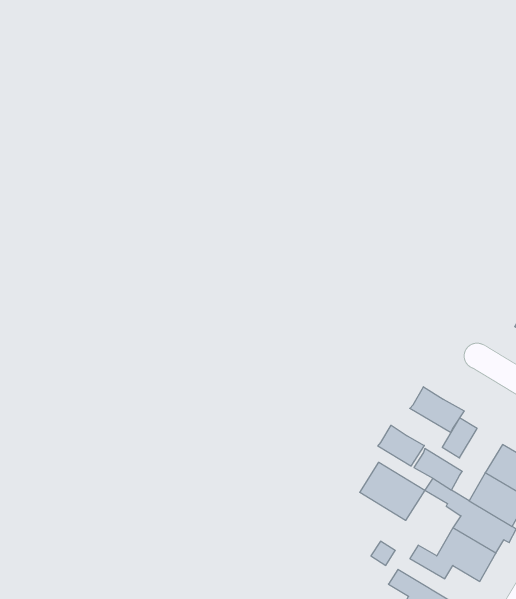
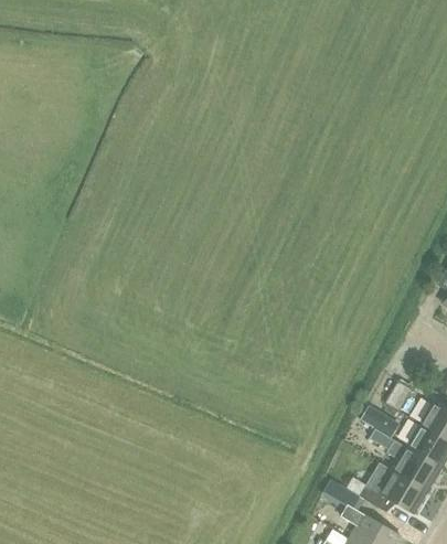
building: [410,387,464,433] -> none
building: [378,425,424,466] -> none
building: [360,462,425,520] -> none

